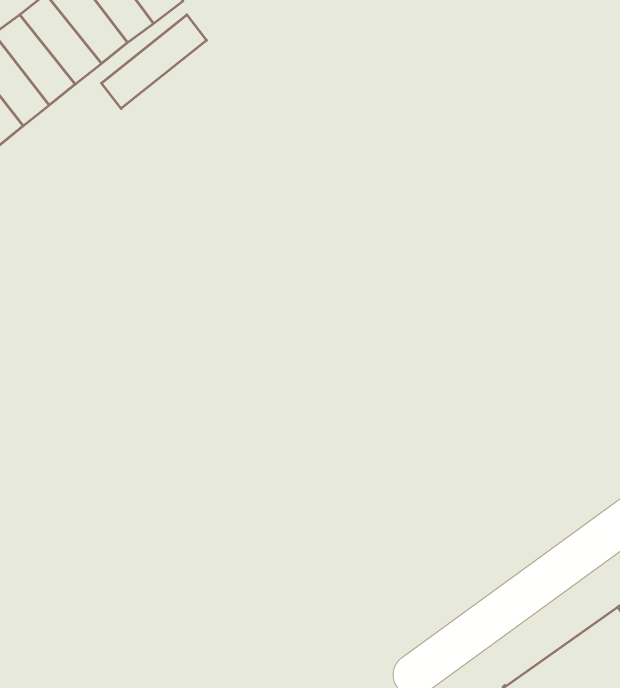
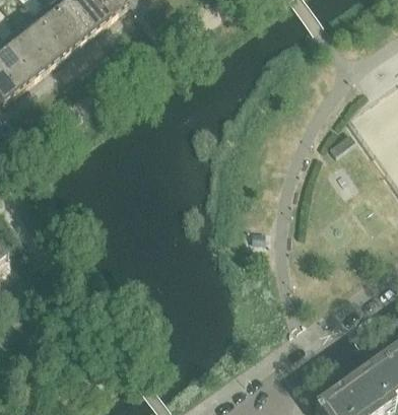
building: [101,15,207,109] -> none

